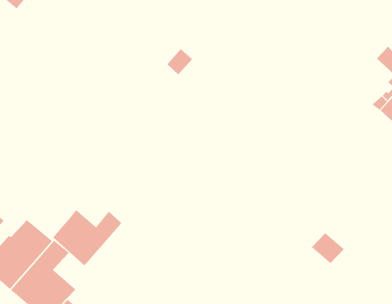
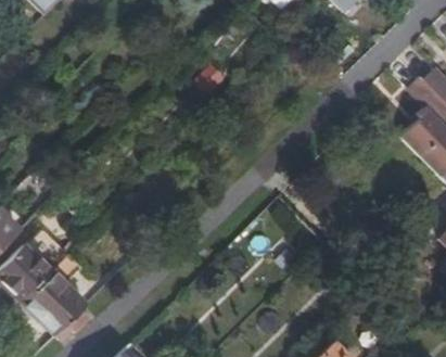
building: [52,209,122,266] -> none

